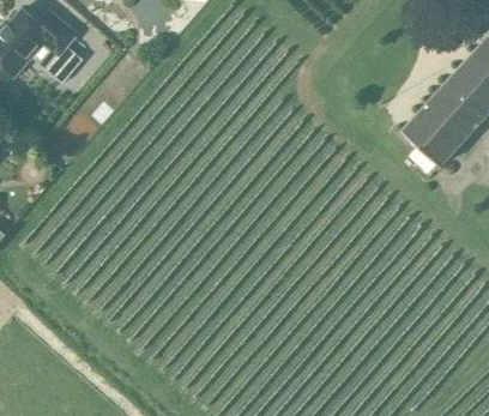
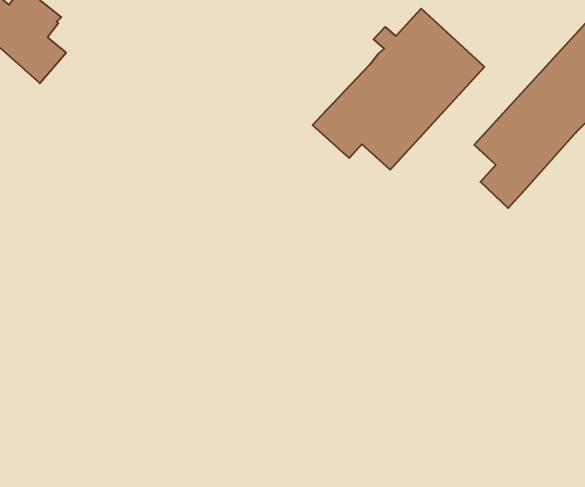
building: none -> [313,9,484,170]

